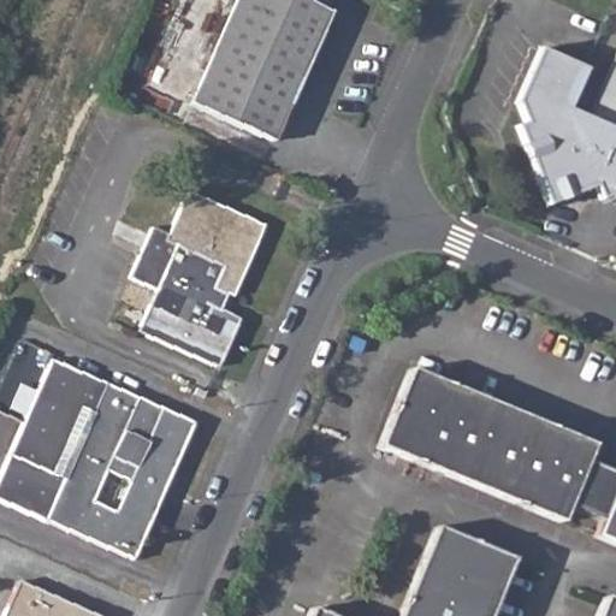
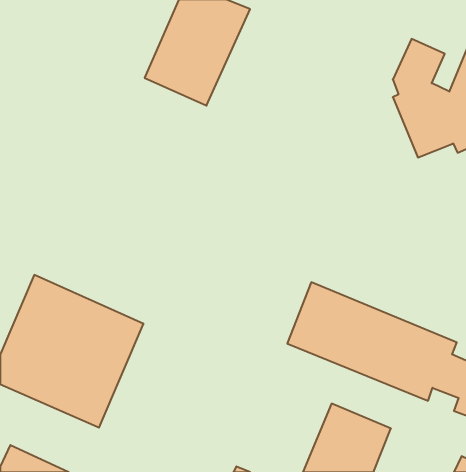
building: [134,191,267,366] -> none

